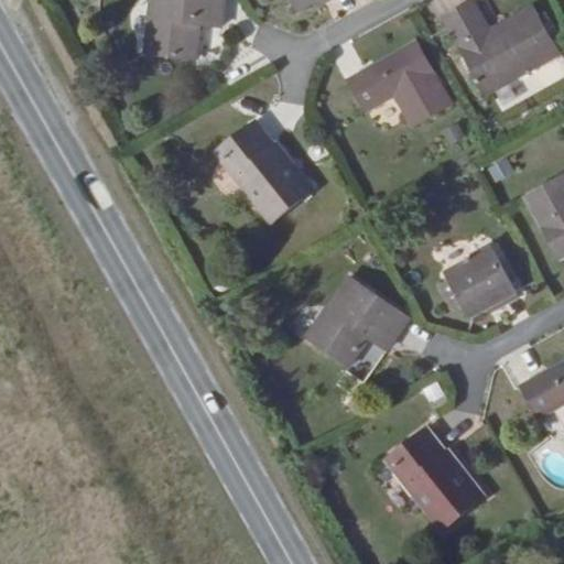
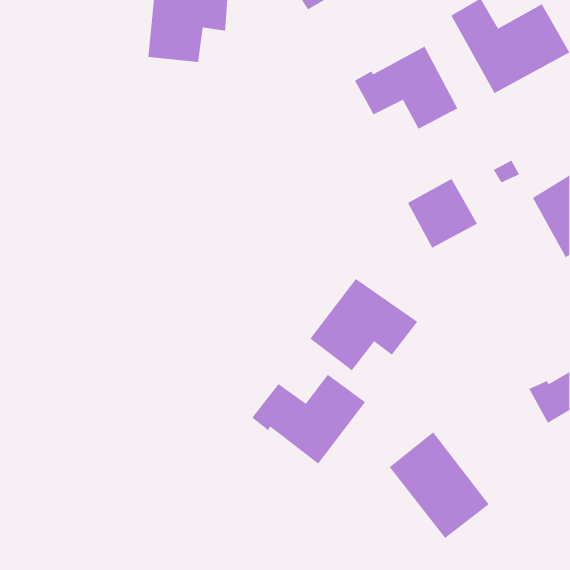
building: [216,118,312,224] -> none
building: [452,246,521,315] -> [407,178,478,249]
building: none -> [252,374,366,465]

